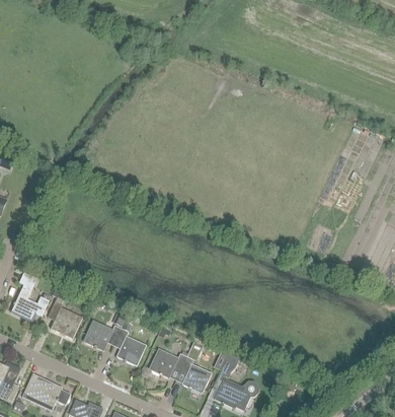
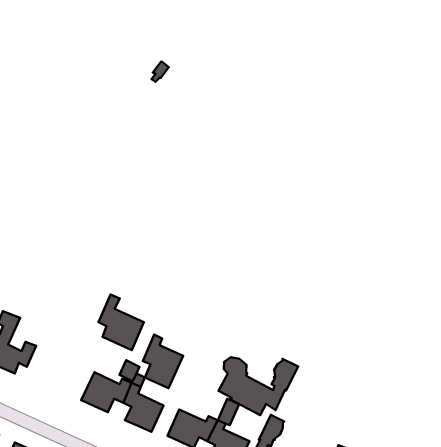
building: none -> [143,334,183,388]
building: [48,296,82,339] -> [99,294,144,350]
building: none -> [218,357,298,415]

